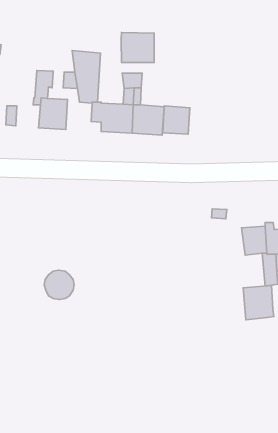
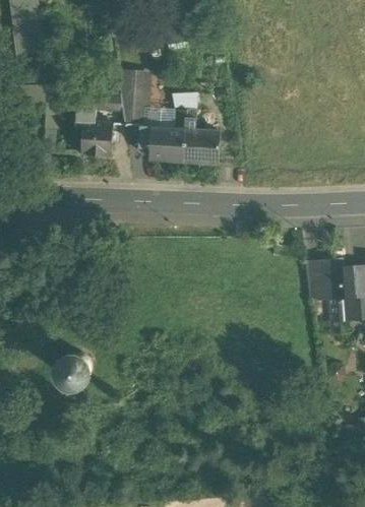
building: [121,32,154,63] -> none
building: [163,106,190,134] -> none
building: [44,270,74,299] -> [57,351,90,383]
building: [243,286,274,320] -> none

